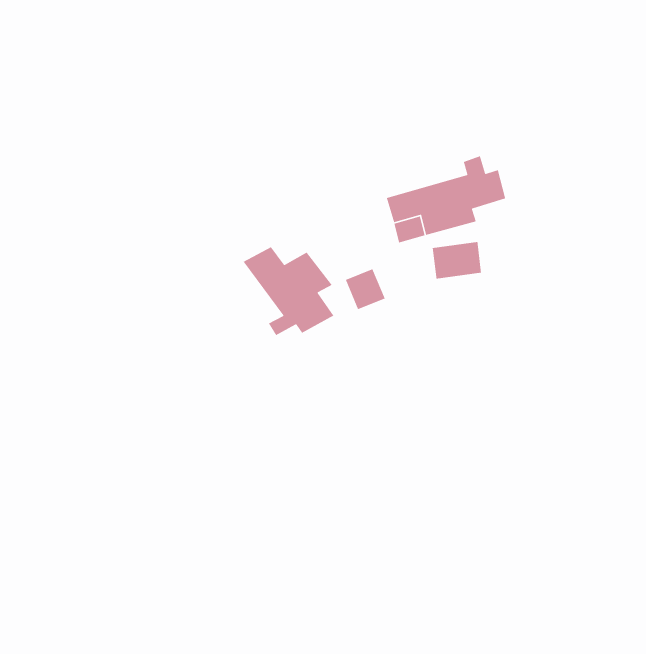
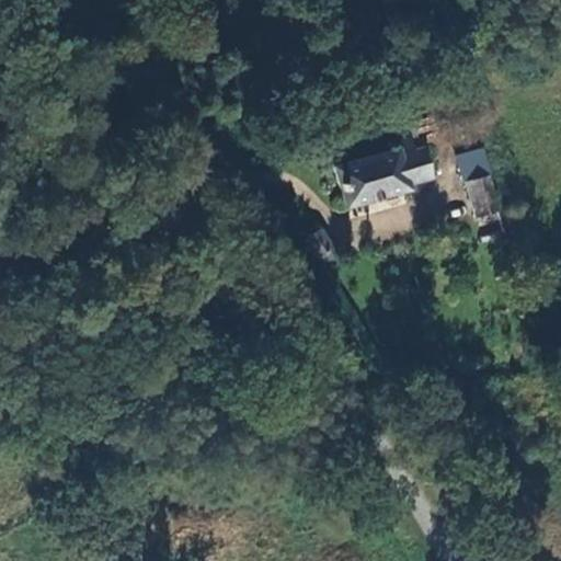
building: none -> [457,151,500,216]
building: [242,246,334,336] -> none

